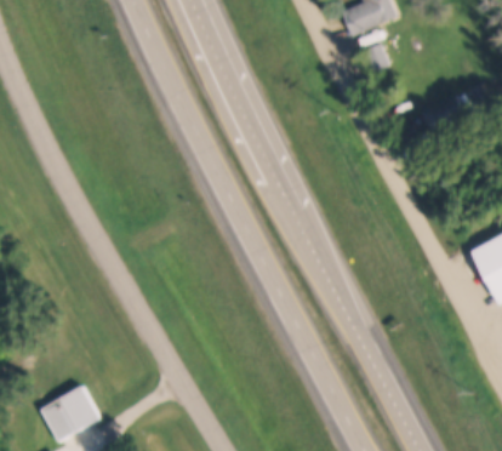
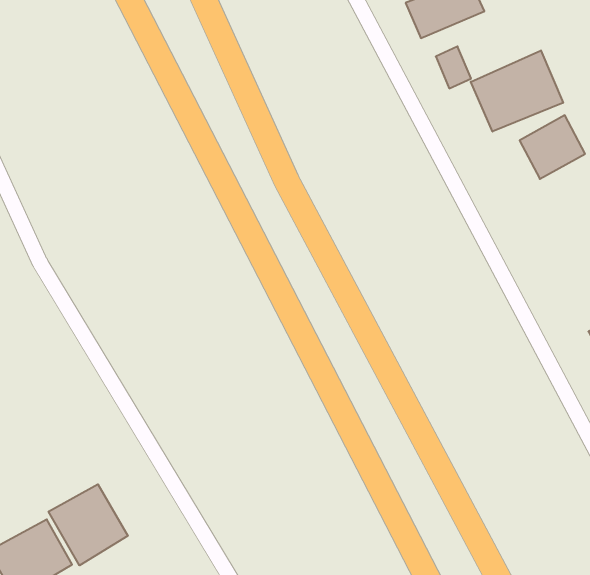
building: none -> [471,50,563,132]
building: none -> [49,484,128,565]

